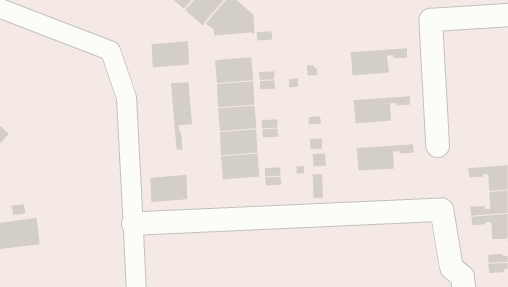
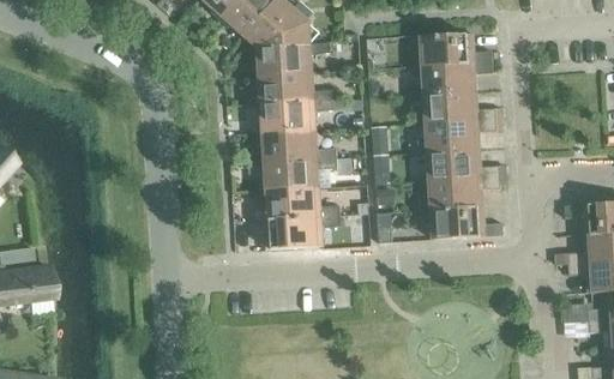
building: none -> [421,32,492,66]
building: [151,41,190,68] -> [258,43,305,76]
building: none -> [425,91,495,124]
building: [171,81,193,150] -> none
building: none -> [428,149,499,181]
building: none -> [432,206,502,239]
building: [149,175,188,203] -> [269,216,315,249]

